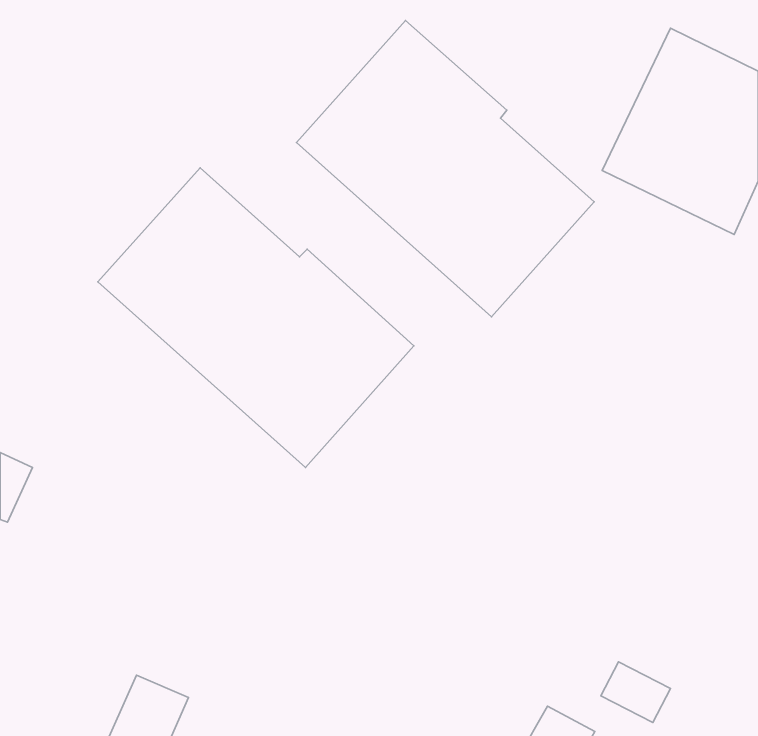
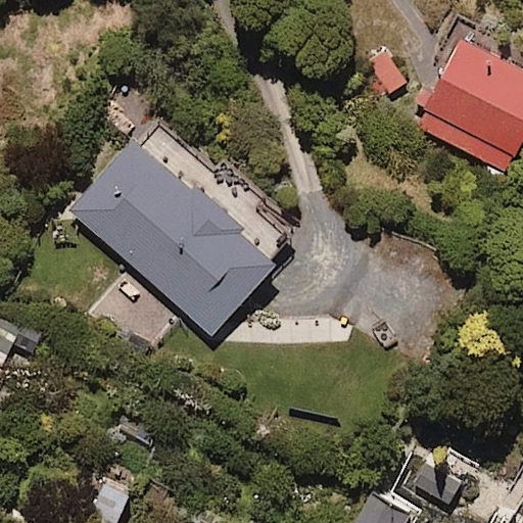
building: [297,21,594,317] -> none

